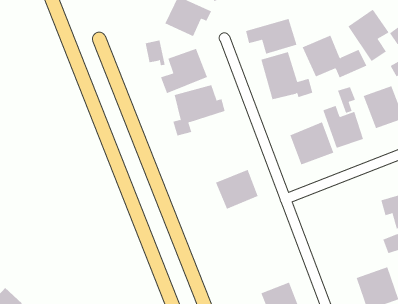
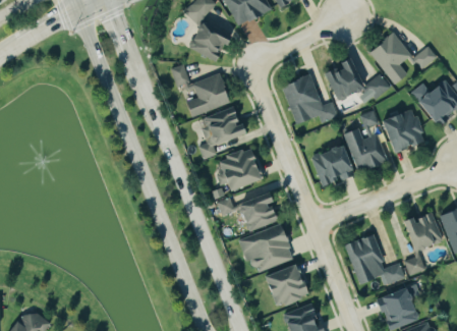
building: [245,18,297,55] -> none
building: none -> [211,147,263,215]
building: none -> [239,223,294,274]
building: none -> [345,235,403,284]
building: none -> [265,265,309,307]

